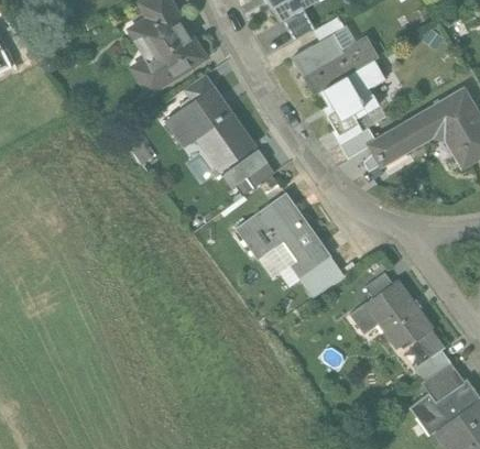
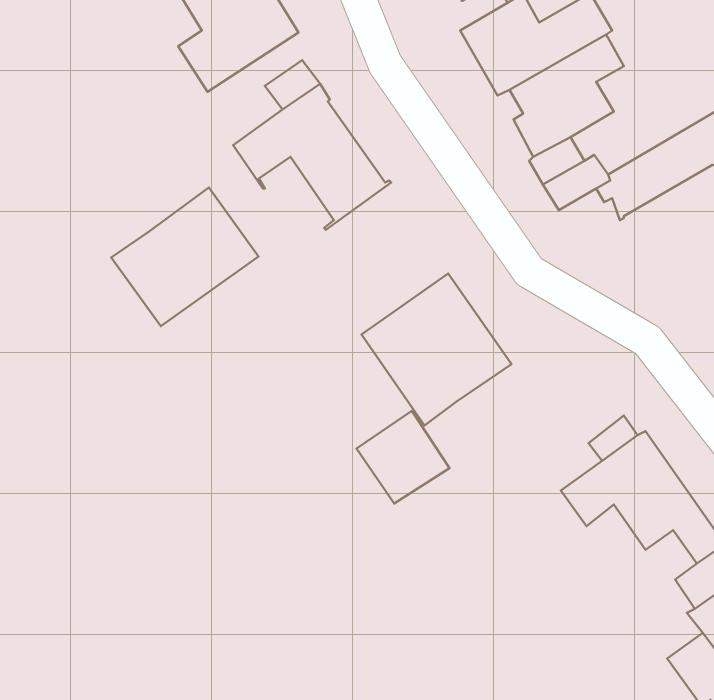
building: none -> [111,188,258,326]
building: [223,150,275,196] -> none
building: [292,244,343,296] -> [357,411,449,504]

